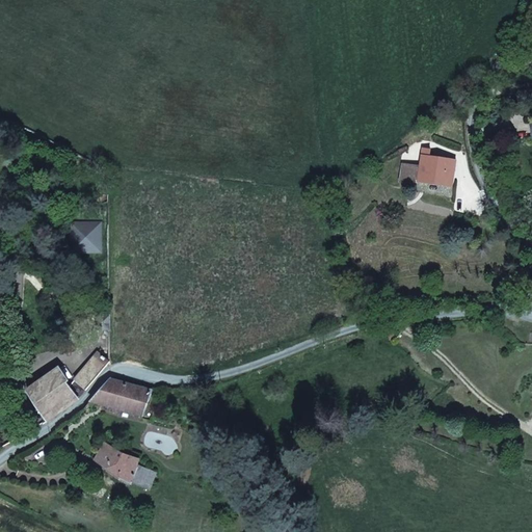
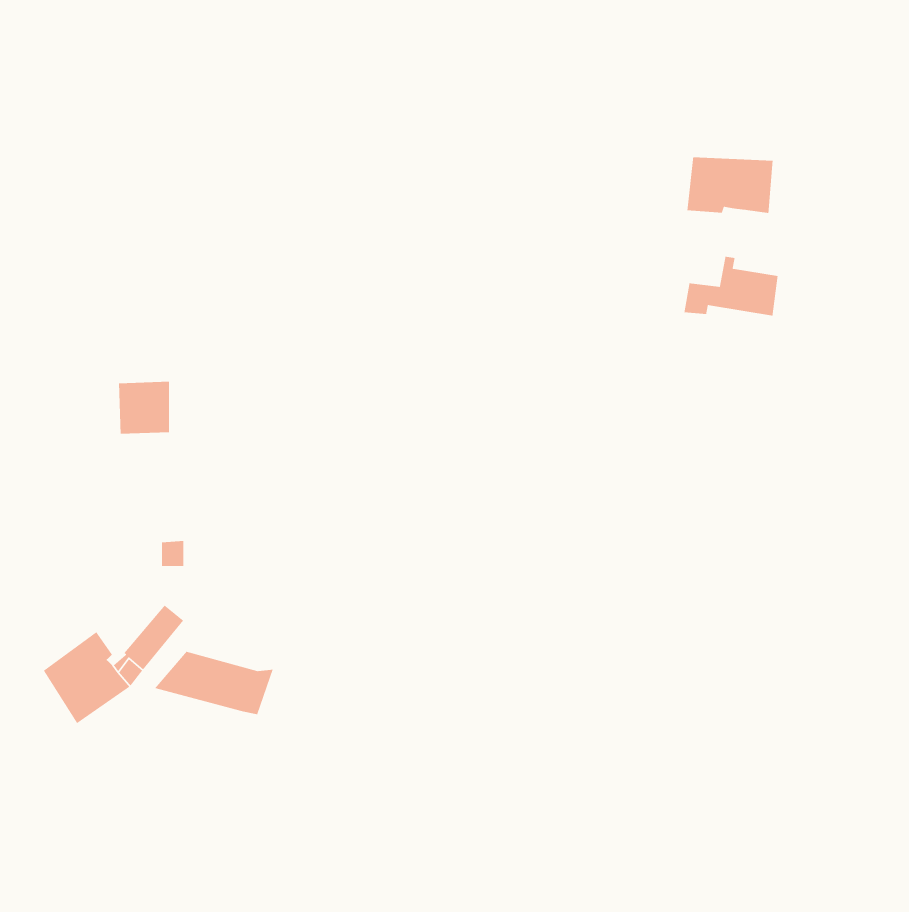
building: none -> [686,156,773,214]
building: [94,442,154,488] -> none

